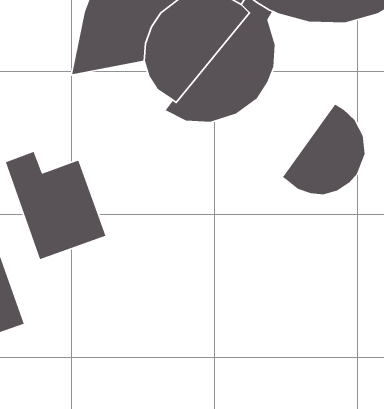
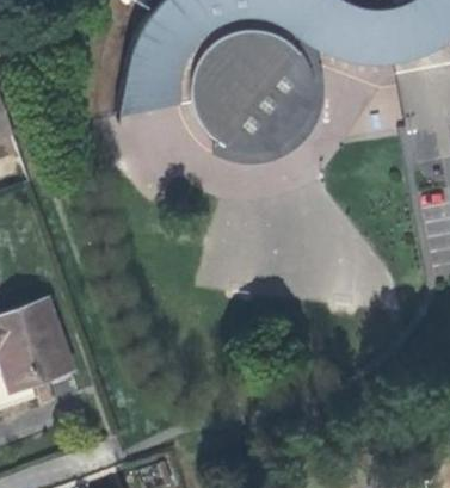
building: [282,104,366,195] -> none
building: [5,151,107,260] -> none

